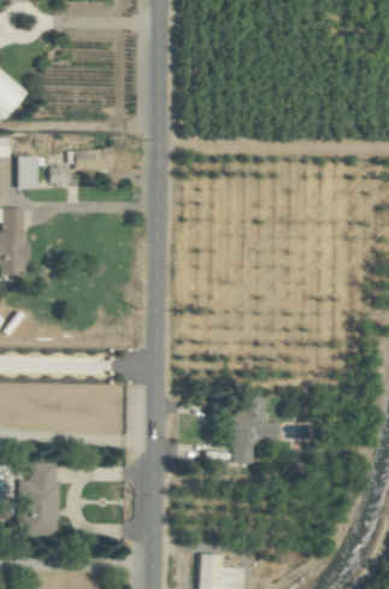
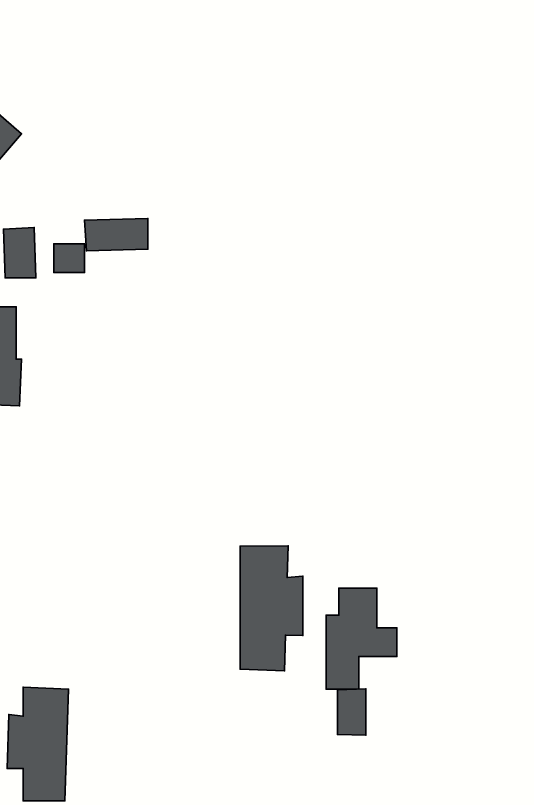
building: none -> [240,546,303,671]
building: none -> [338,689,366,735]

